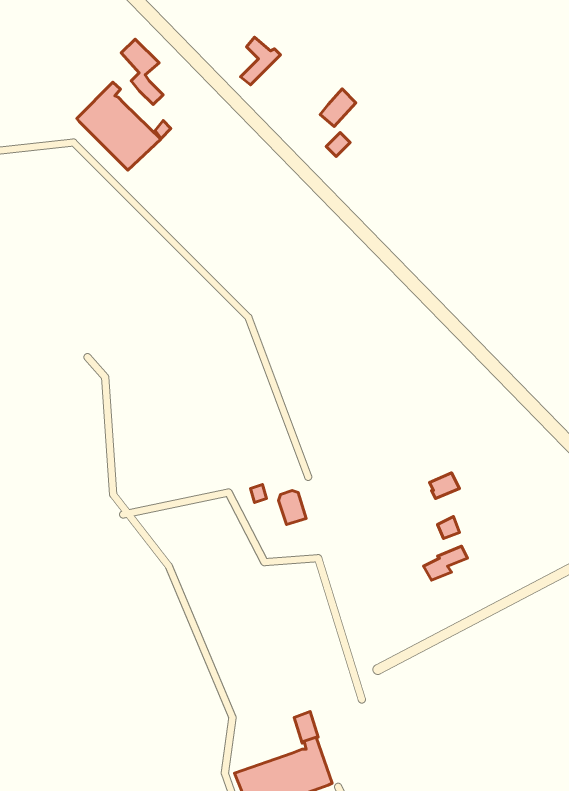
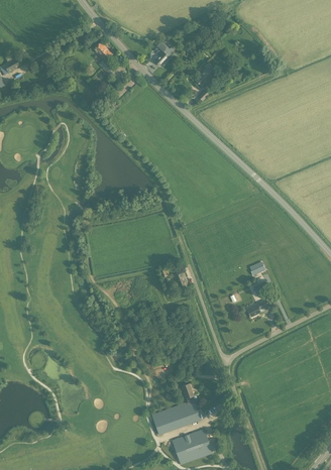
building: [77,82,161,170] -> none

